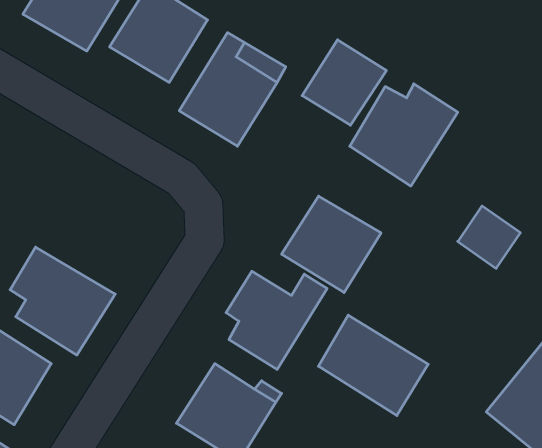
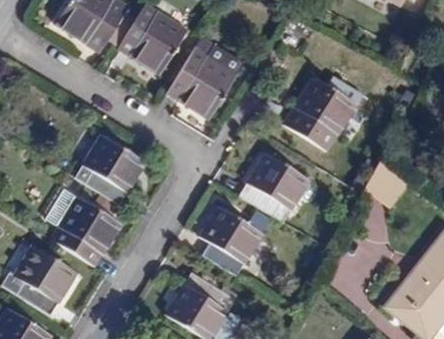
building: [302,40,386,125] -> none
building: none -> [75,134,144,205]
building: [318,315,428,416] -> none

